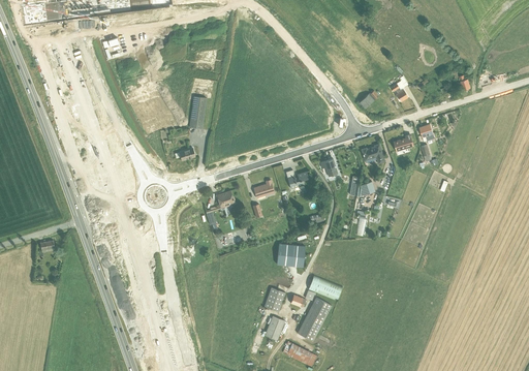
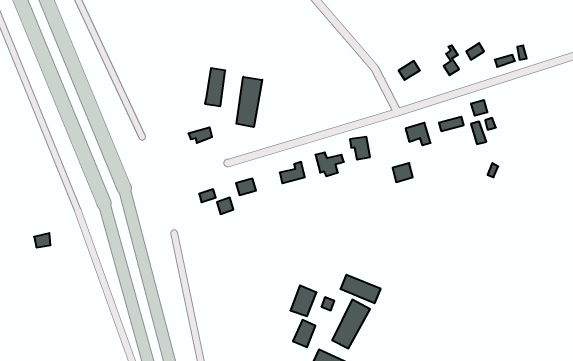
building: none -> [236,77,262,127]
building: [279,246,303,266] -> none

